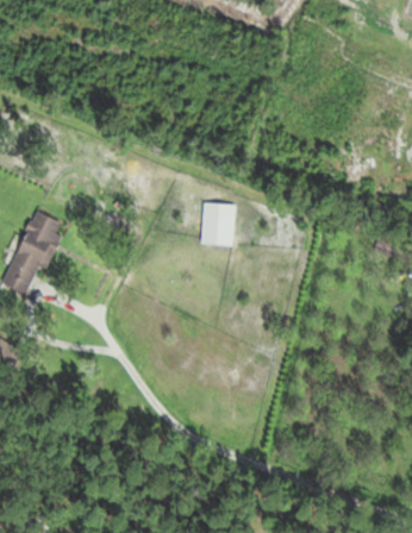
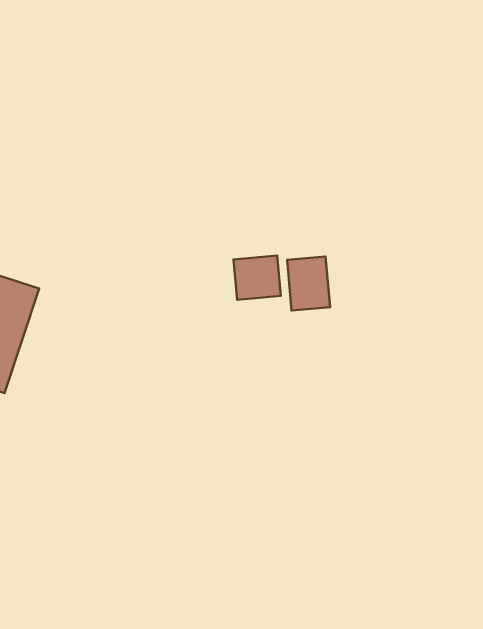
building: none -> [287,256,330,310]

